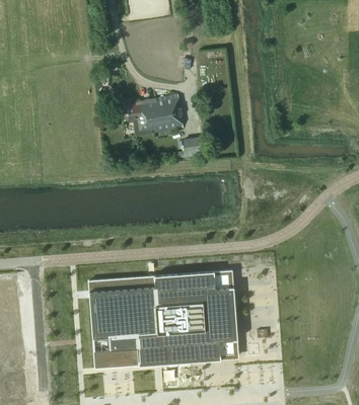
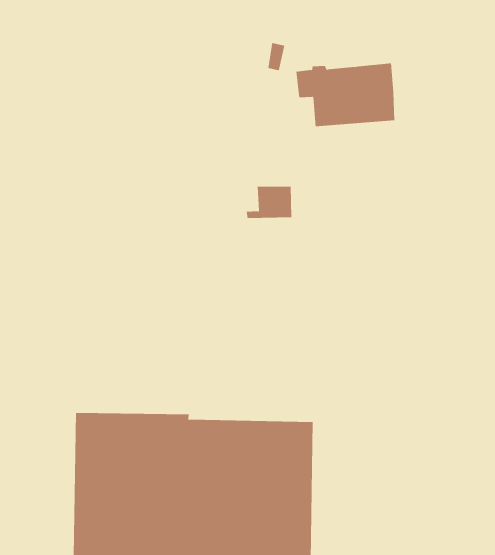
building: [123,96,184,138] -> [296,63,395,127]

